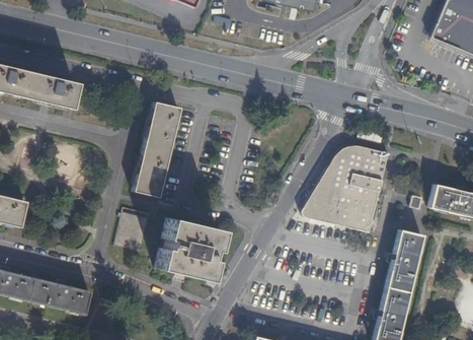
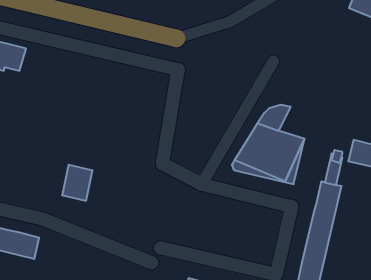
building: [133,101,180,197] -> none
building: [353,147,389,183] -> none
building: [155,217,219,280] -> none

